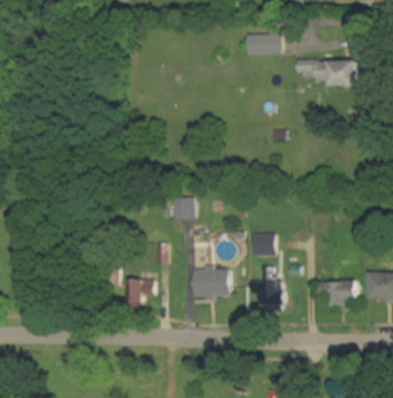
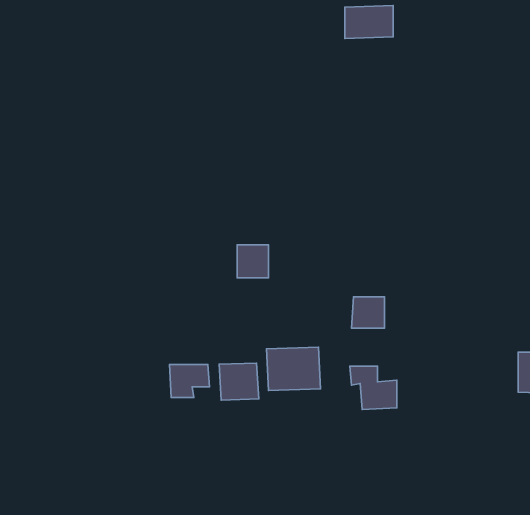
building: [295,60,358,86] -> none
building: none -> [219,363,259,400]
building: [317,281,354,308] -> none

